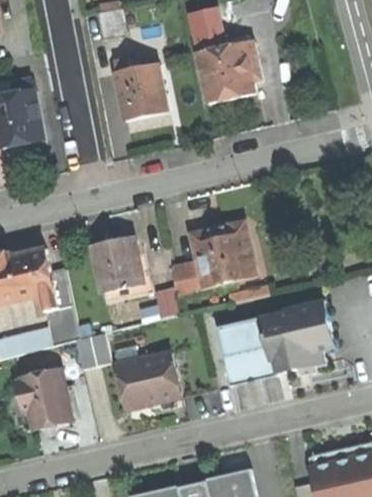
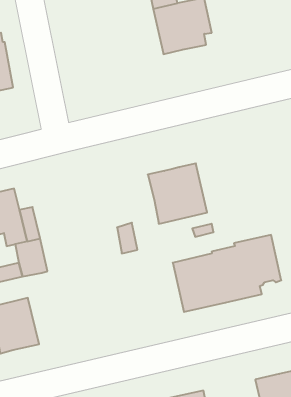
building: [112,59,166,120] -> none
building: [90,236,150,301] -> none
building: [169,261,202,296] -> none
building: [74,333,109,369] -> none
building: [114,352,179,408] -> none

